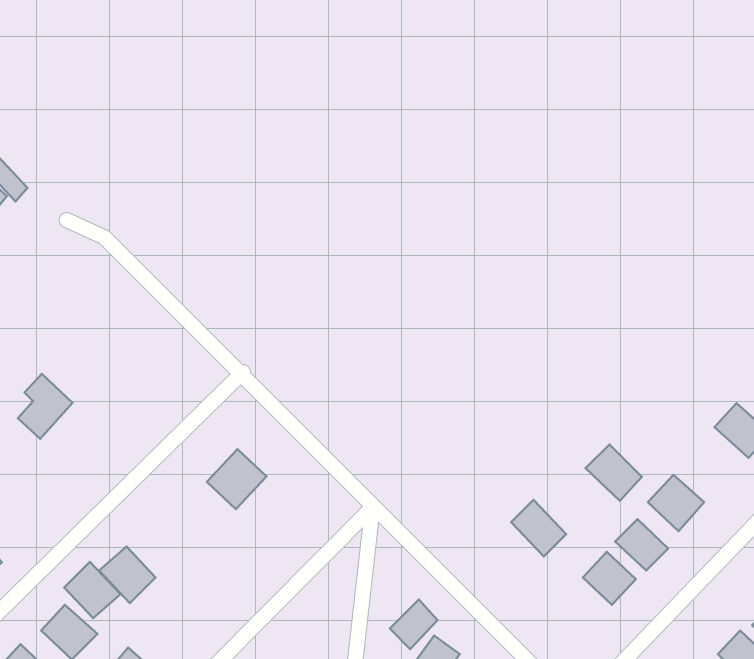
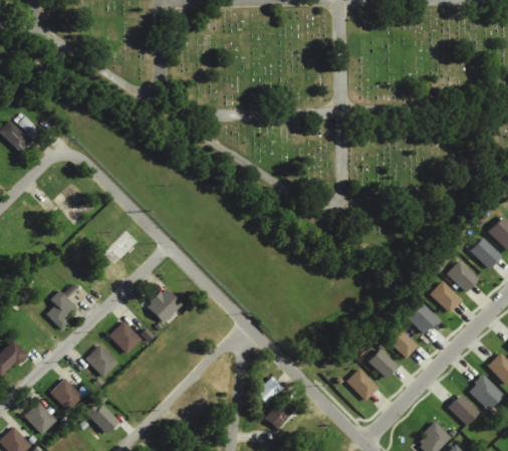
building: [18,374,73,439] -> [46,288,78,326]
building: [586,444,642,501] -> [429,280,462,313]
building: [511,500,566,556] -> [346,368,378,401]
building: [64,562,120,618] -> [108,320,142,354]

